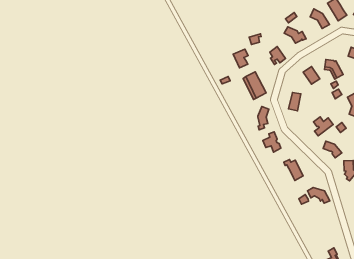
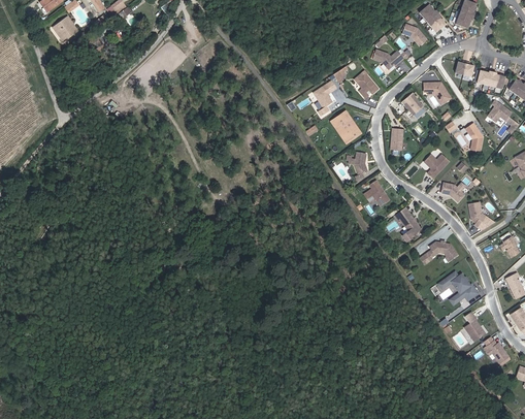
building: none -> [444,271,479,304]

